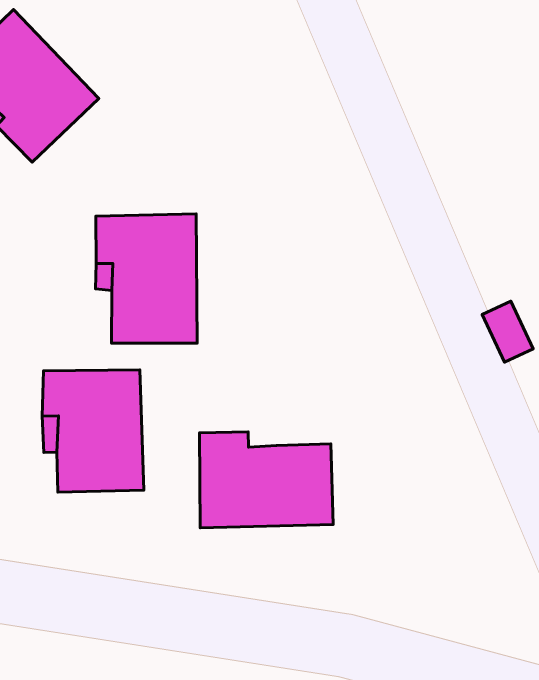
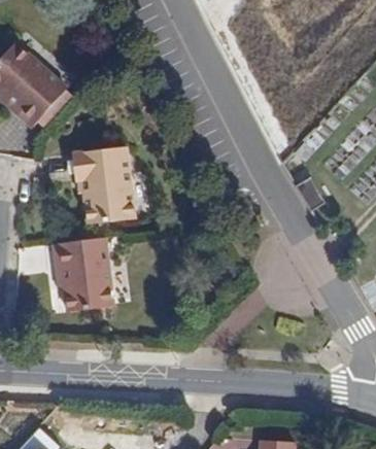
building: [199,432,333,528] -> none

